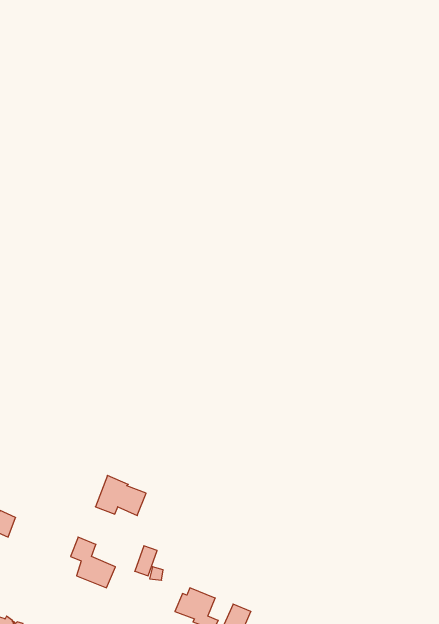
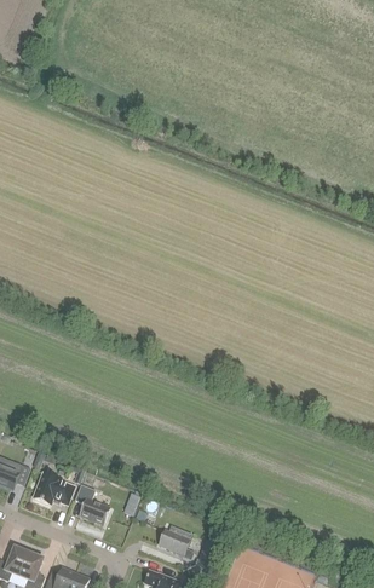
building: [95,475,146,516] -> [33,471,74,503]

